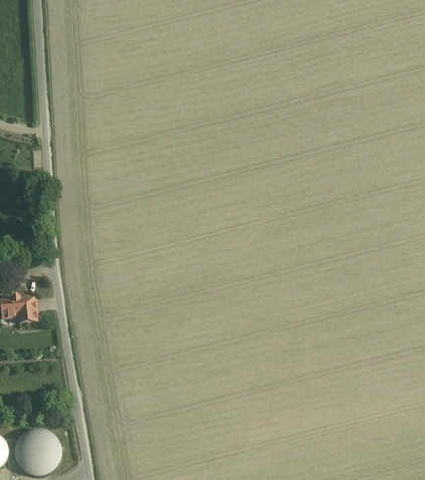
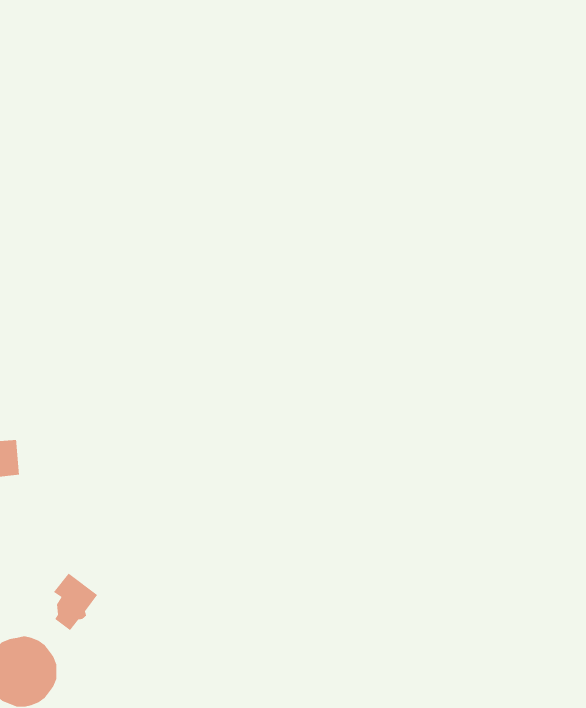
building: none -> [53,573,98,631]

